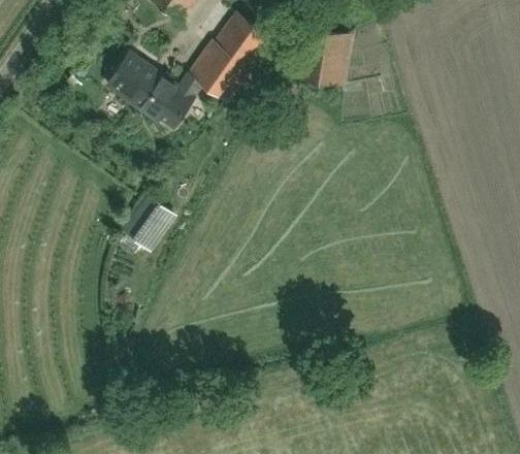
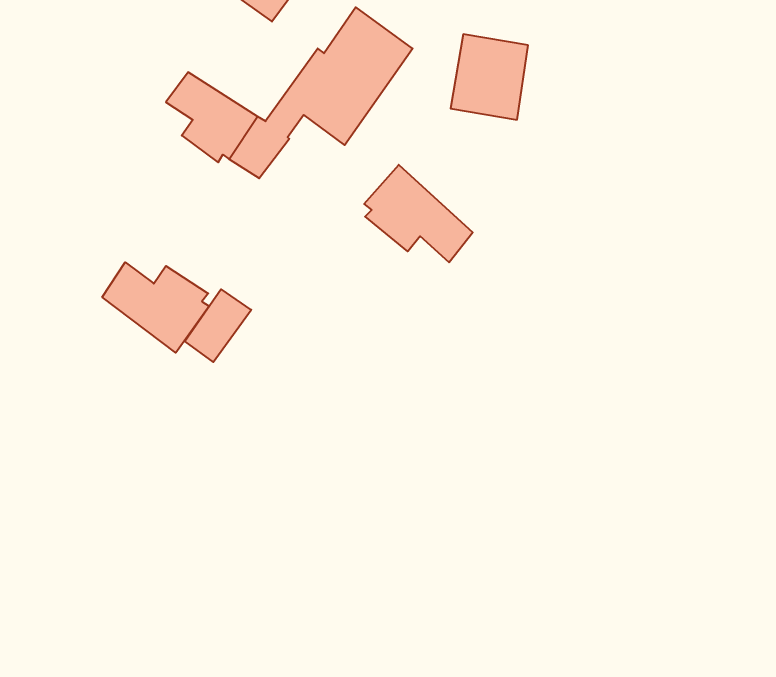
building: none -> [364,165,473,262]
building: none -> [102,262,209,353]

